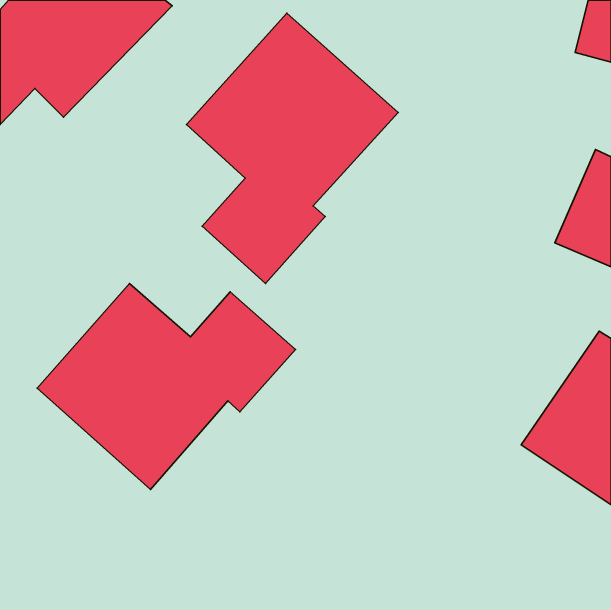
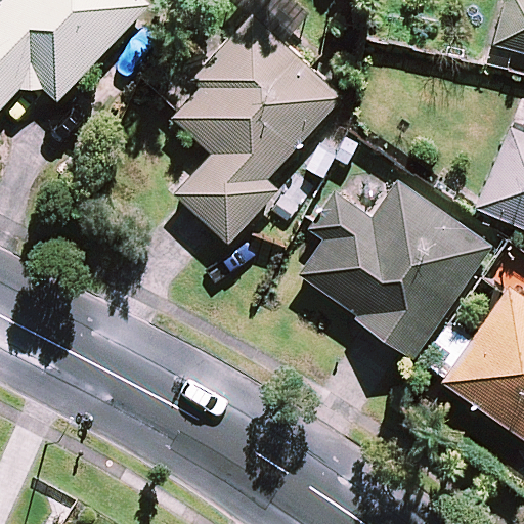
building: none -> [304,177,498,356]
building: [37,284,296,489] -> none

